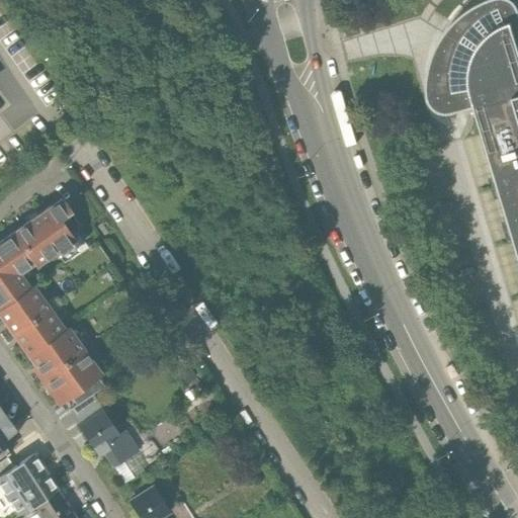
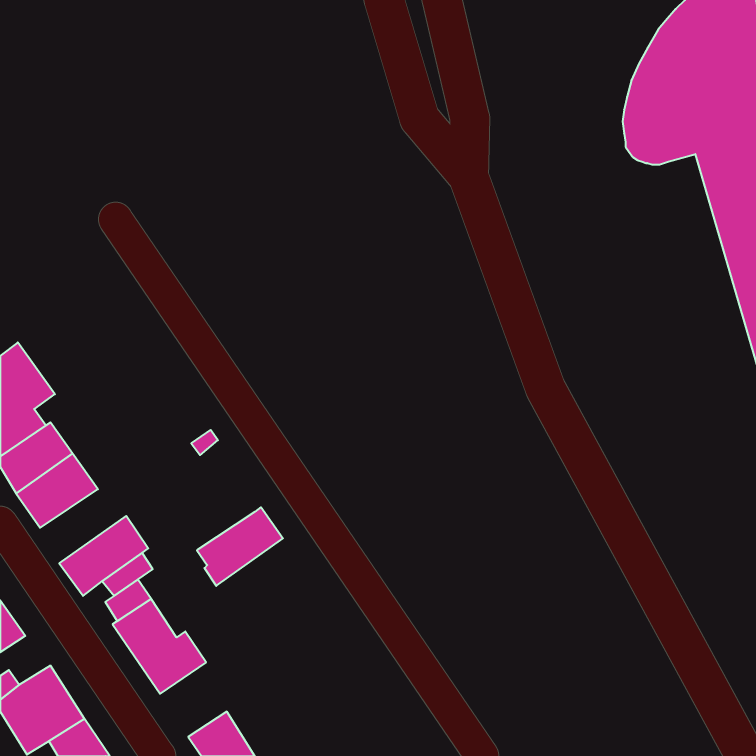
building: [13,198,79,269] -> none
building: [28,331,87,384] -> [197,507,283,586]

